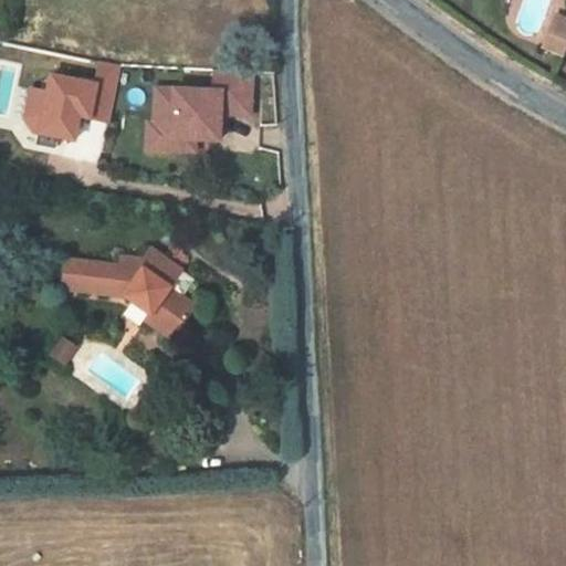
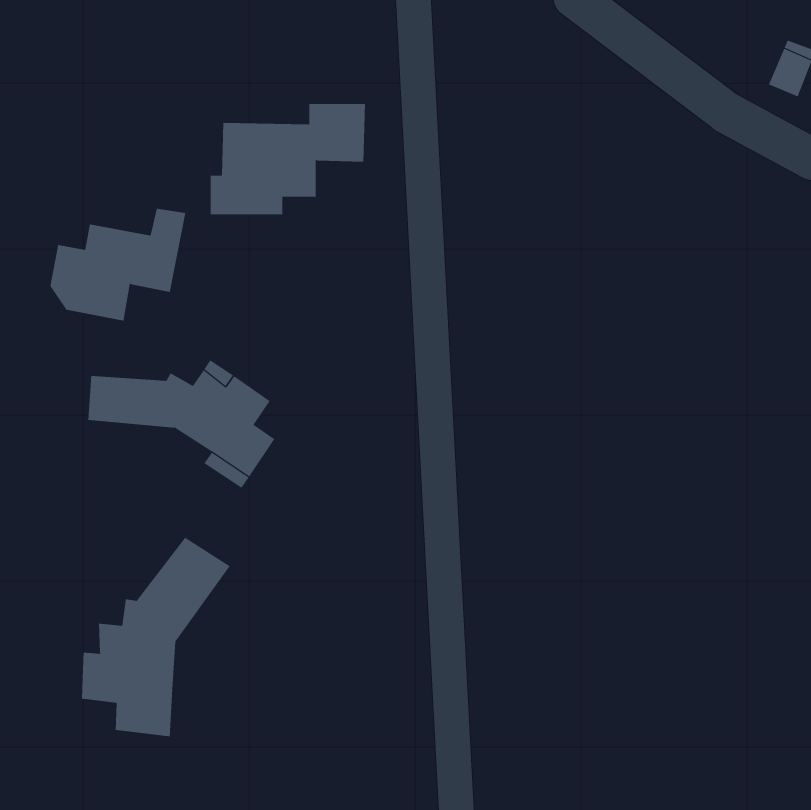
building: [24,62,119,140] -> [49,208,186,321]
building: none -> [82,537,231,737]

